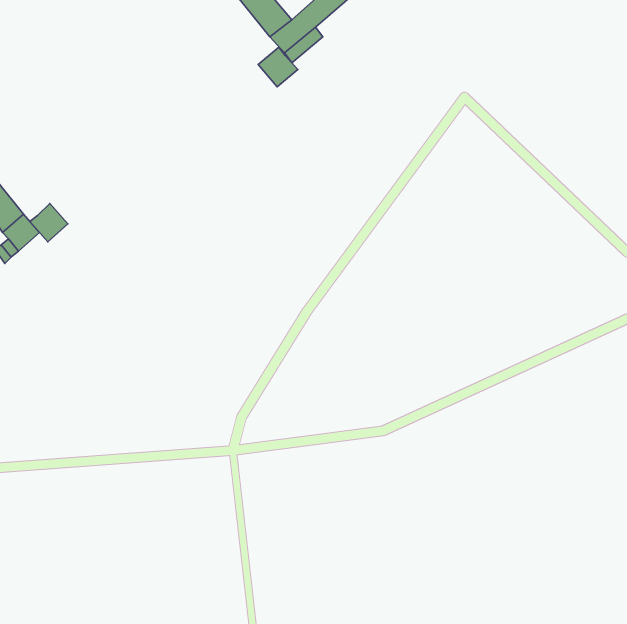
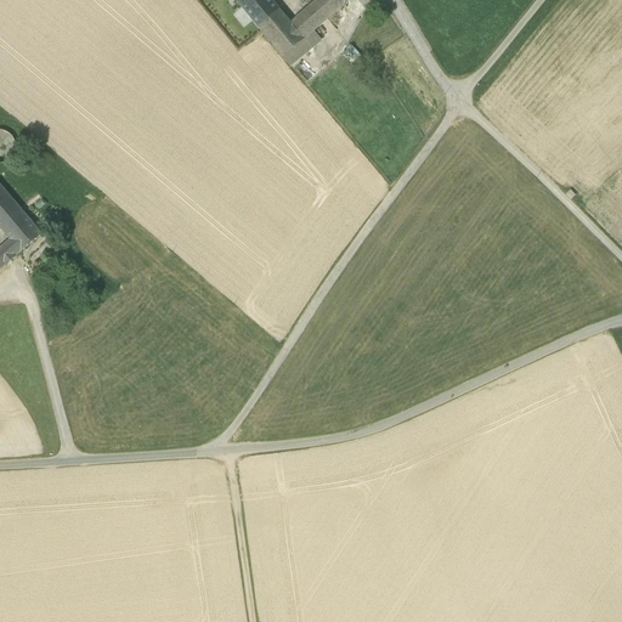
building: [258,47,298,87] -> none
building: [30,204,68,242] -> none

